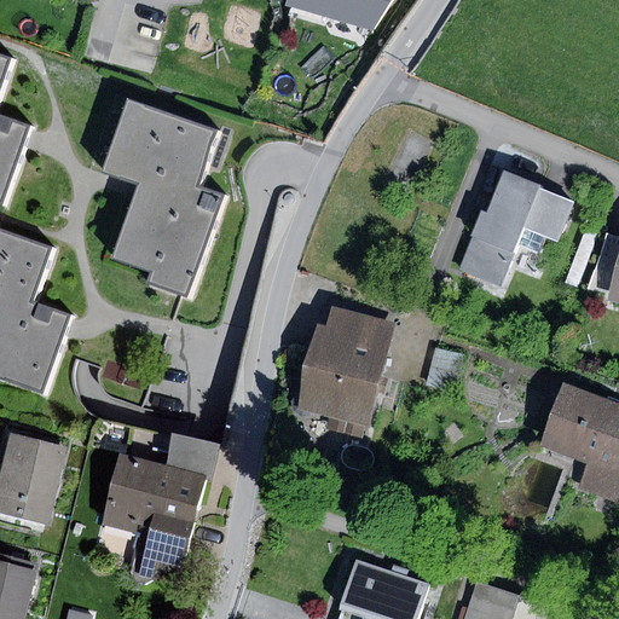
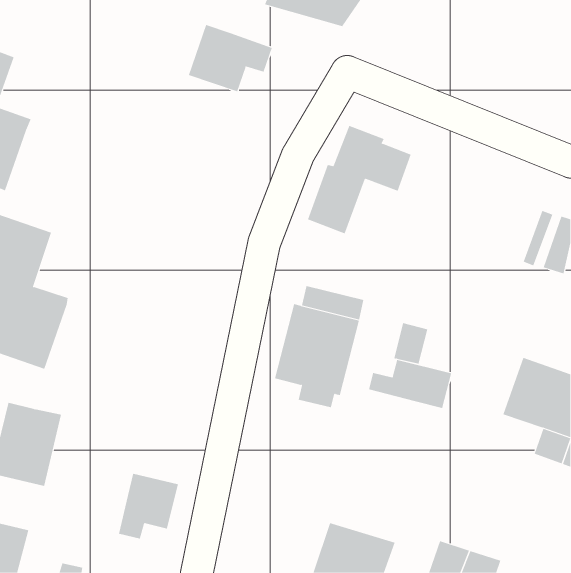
building: none -> [188,24,272,92]
building: [111,102,225,296] -> none
building: [457,169,569,287] -> [307,125,412,234]
building: none -> [368,359,452,409]
building: [99,433,216,533] -> none

